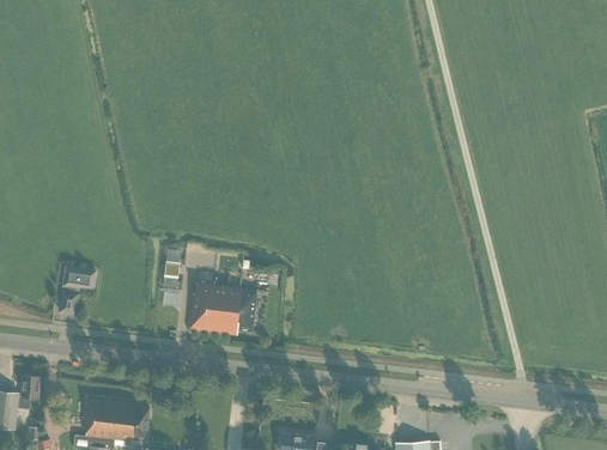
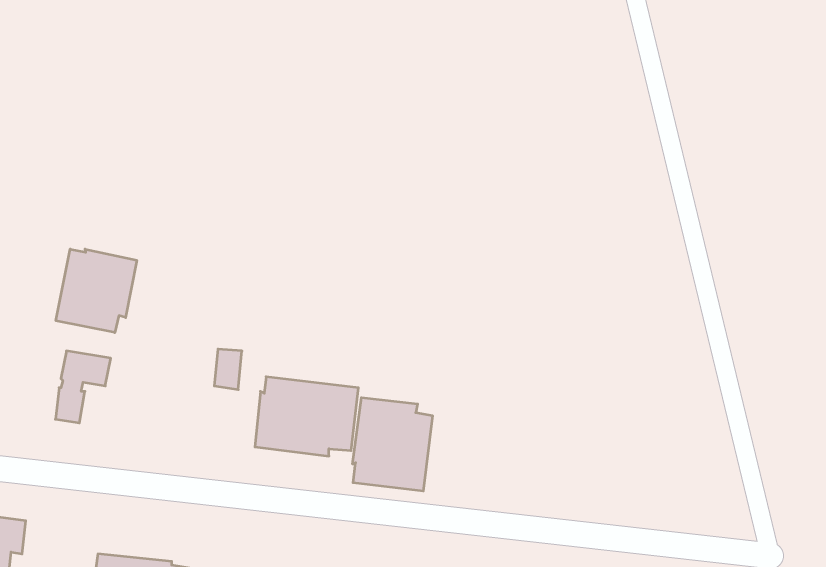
building: none -> [56,249,137,333]
building: none -> [353,398,432,491]

